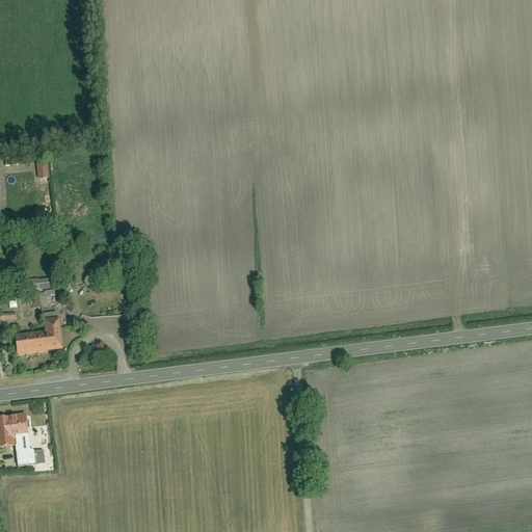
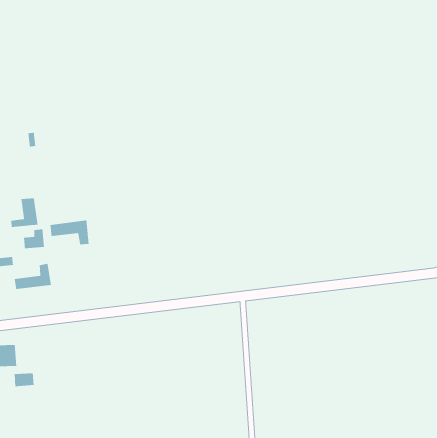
building: none -> [10,197,39,228]
building: none -> [50,220,89,245]

